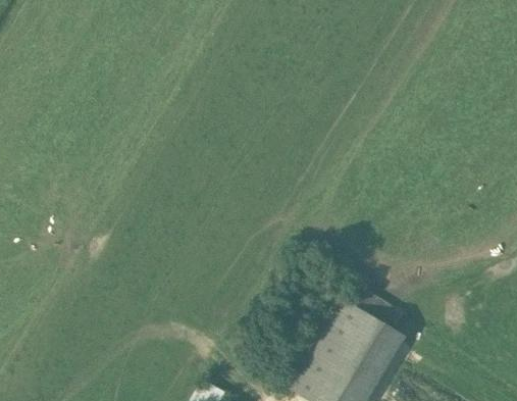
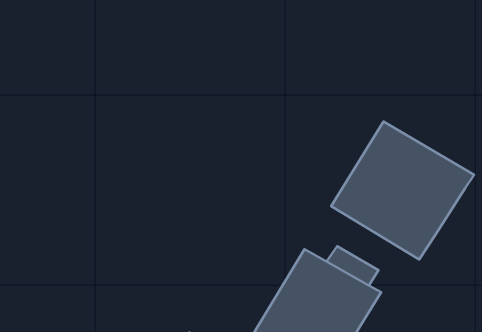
building: none -> [331,122,474,260]

